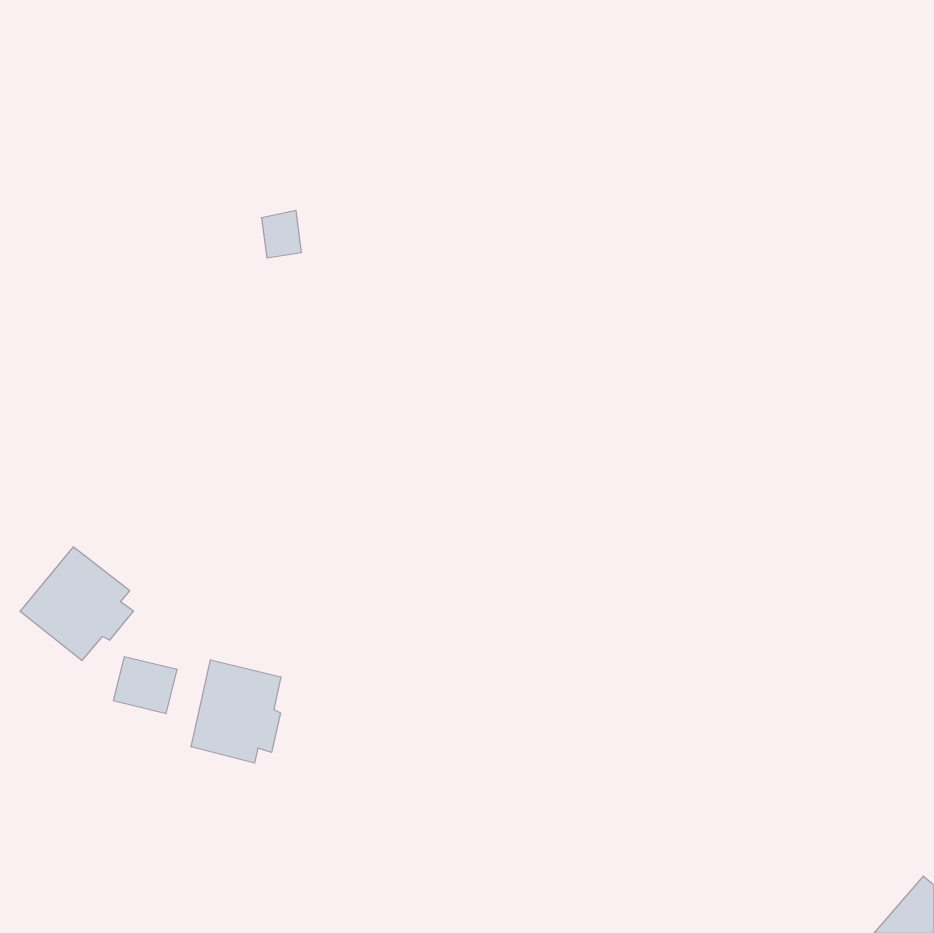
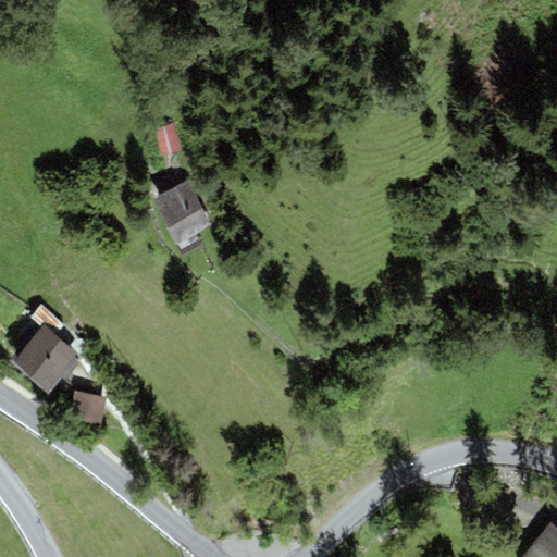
building: none -> [153,182,212,245]
building: [191,660,281,763] -> none

